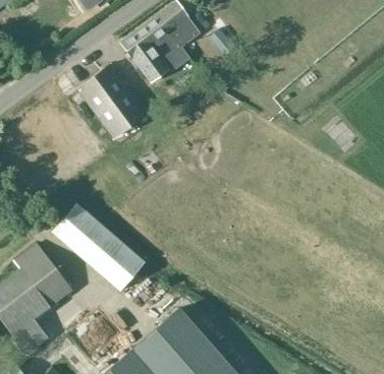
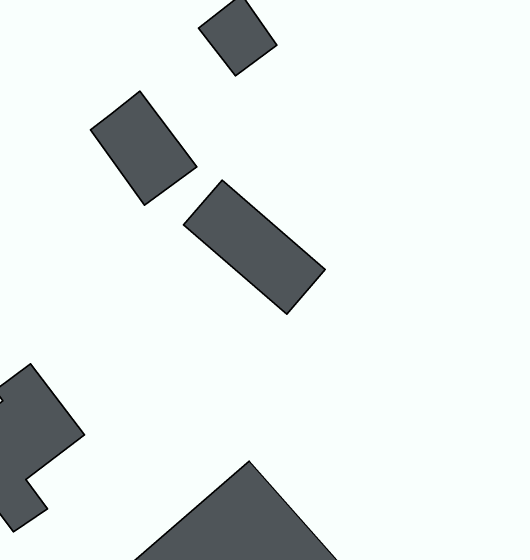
building: [119,22,172,84] -> none
building: [51,203,145,292] -> [183,180,325,314]

